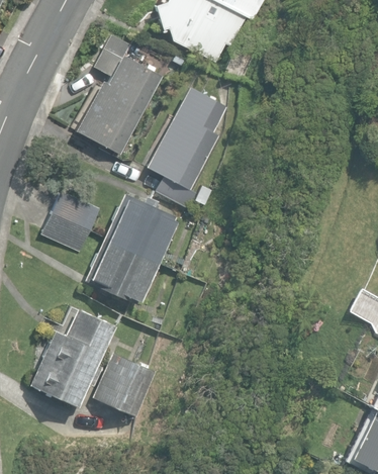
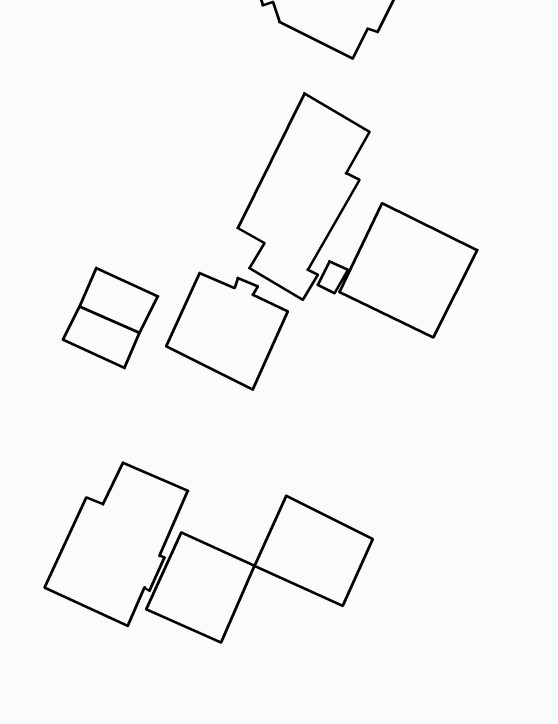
building: [77,34,163,154] -> none
building: none -> [340,203,477,337]
building: [85,238,157,304] -> [254,496,373,606]

